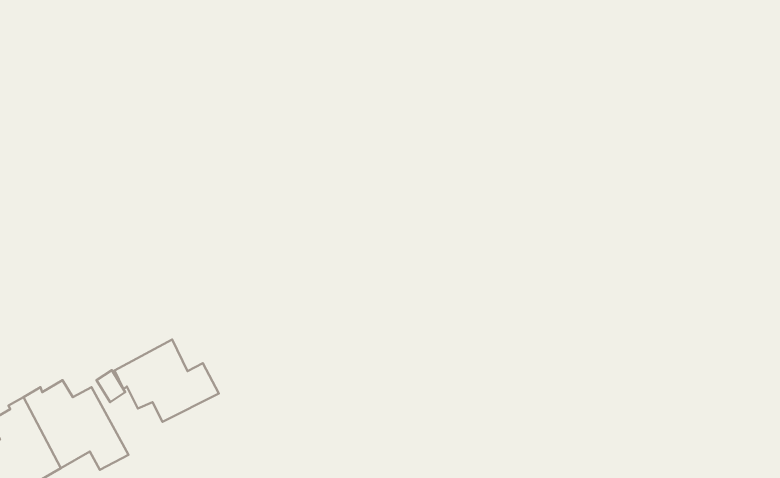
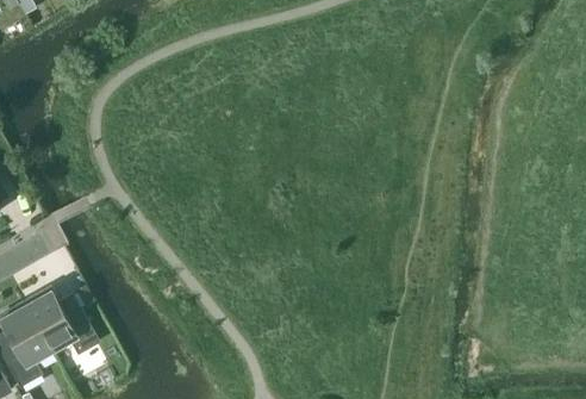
building: [115,340,219,422] -> none

